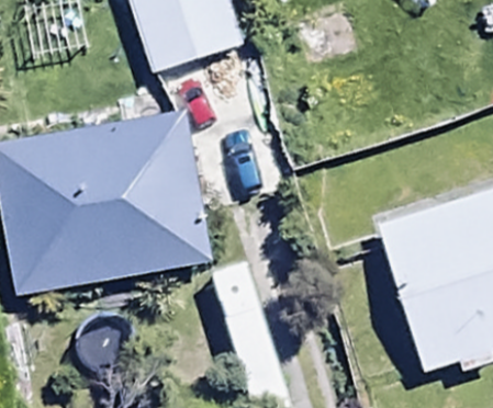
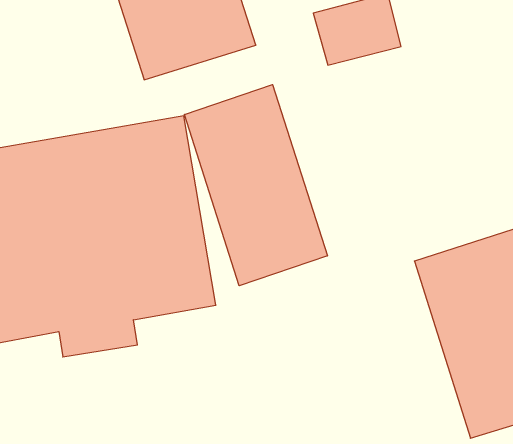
building: none -> [184,85,327,286]

